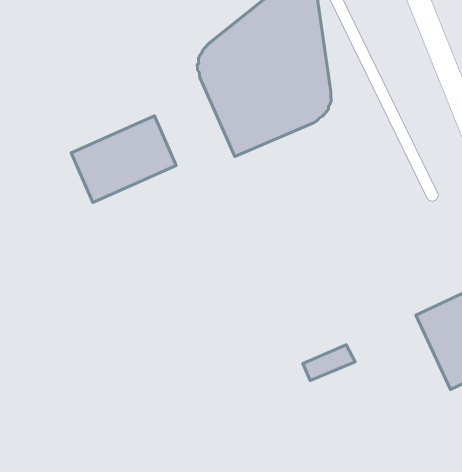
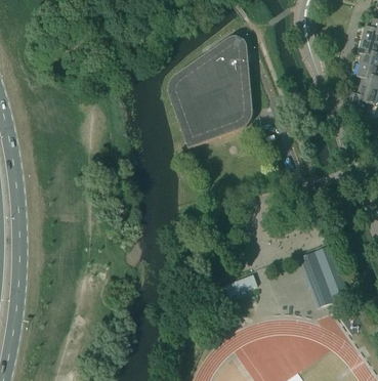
building: [71,116,176,202] -> none

